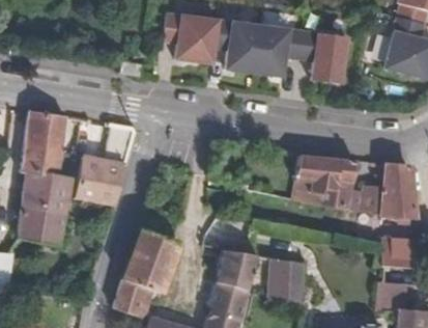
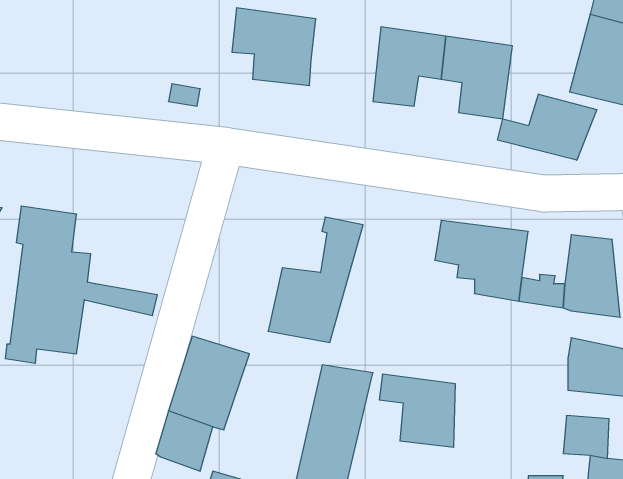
building: [216,22,261,76] -> none
building: none -> [498,94,597,160]
building: [26,109,66,149] -> none
building: [75,120,137,202] -> [268,217,363,342]

